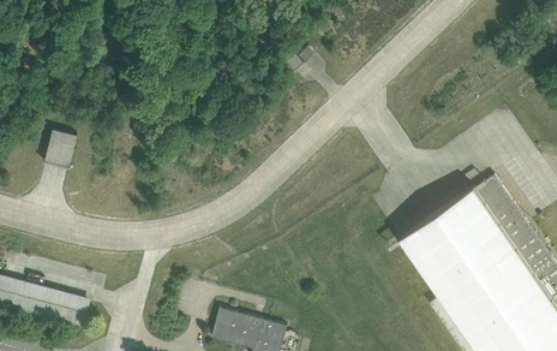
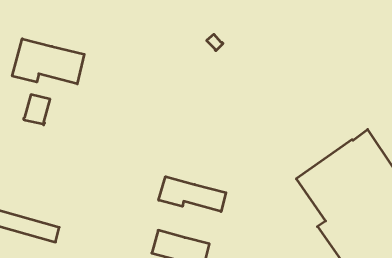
building: none -> [12,39,84,84]
building: none -> [159,177,226,212]

